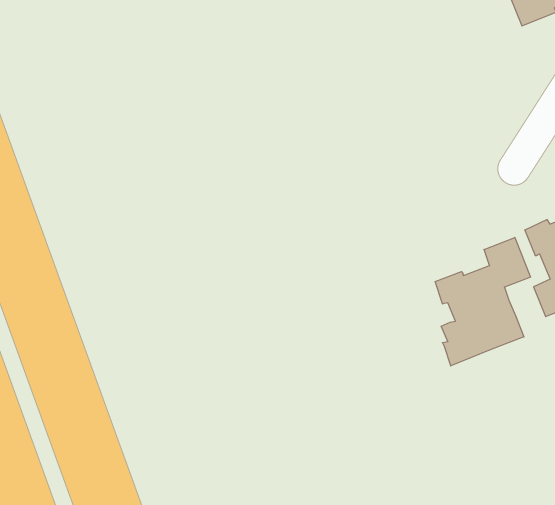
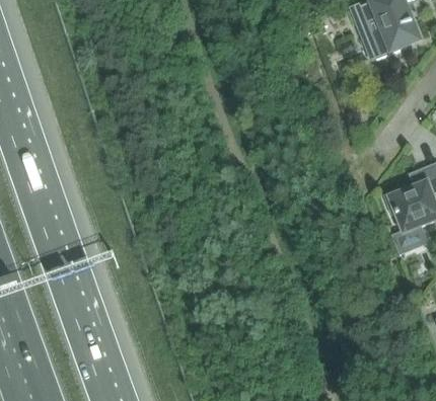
building: [435,237,531,366] -> none

